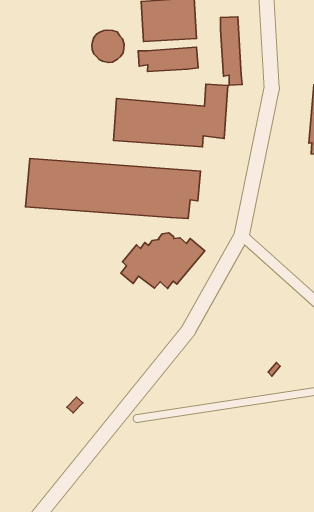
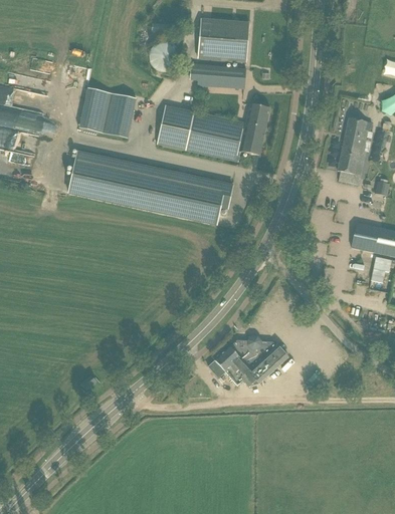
building: [220,17,242,85] -> none
building: none -> [76,87,135,138]
building: [121,233,205,289] -> [209,335,289,387]

